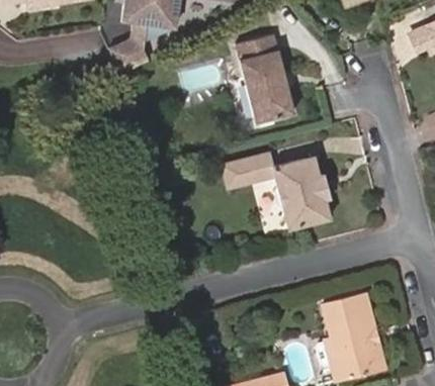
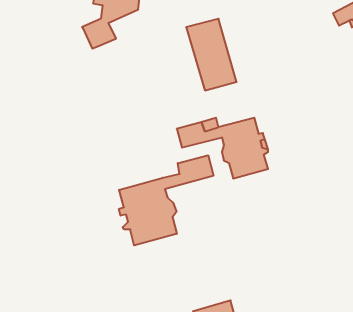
building: none -> [119,155,213,245]
building: [321,290,388,379] -> none

